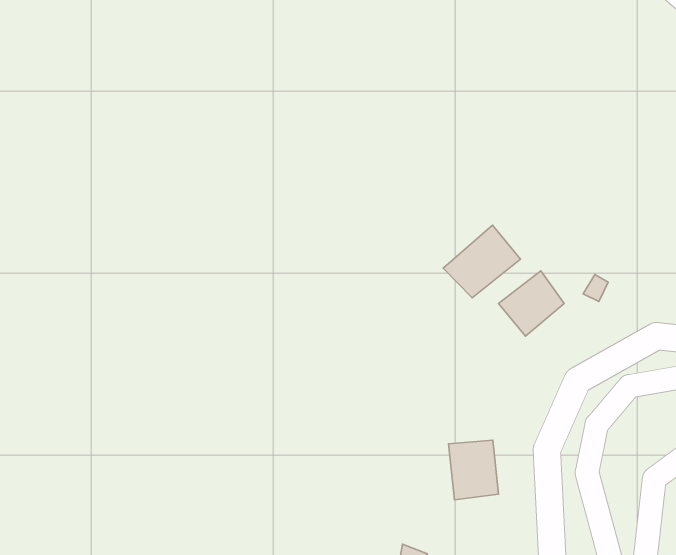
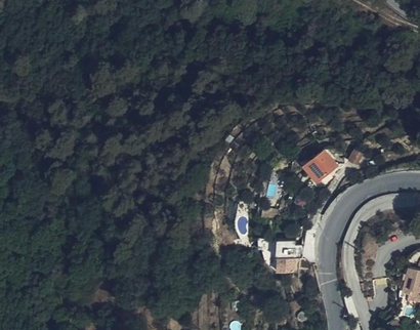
building: [443,225,521,298] -> none

